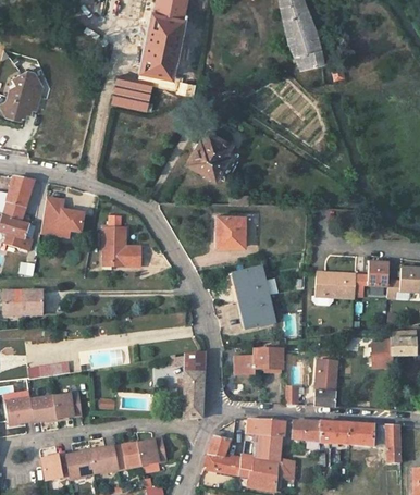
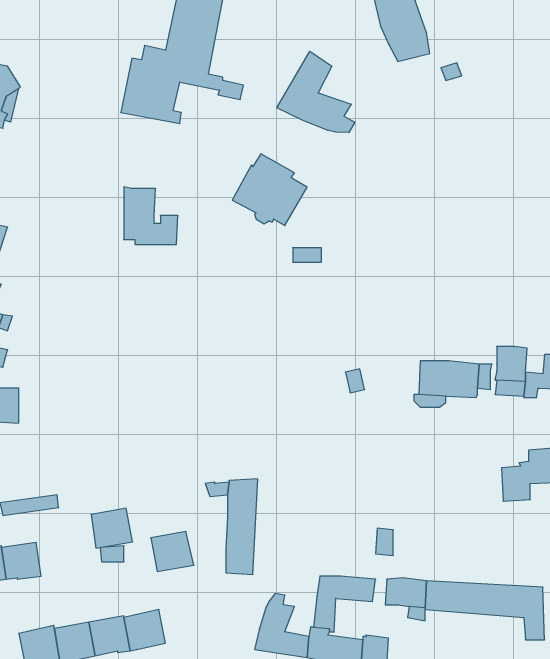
building: none -> [277,51,355,133]
building: [41,197,84,235] -> none
building: [218,214,246,246] -> none
building: [104,226,141,265] -> [124,187,178,244]
building: [234,267,273,329] -> none
building: [235,349,282,374] -> none
building: [314,359,338,407] -> none
building: [54,392,83,419] -> [91,508,133,548]
building: [258,434,284,460] -> none
building: [138,437,168,465] -> [151,532,194,571]

